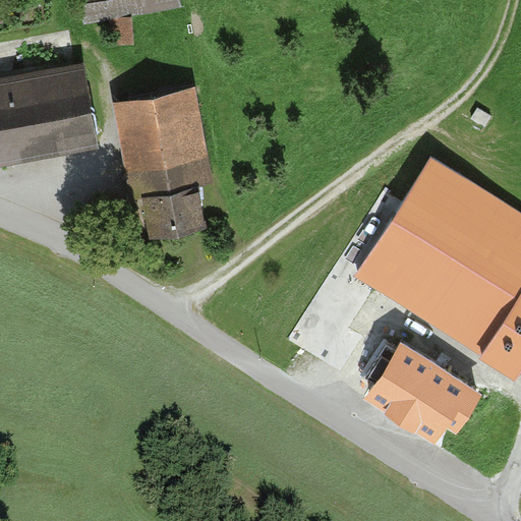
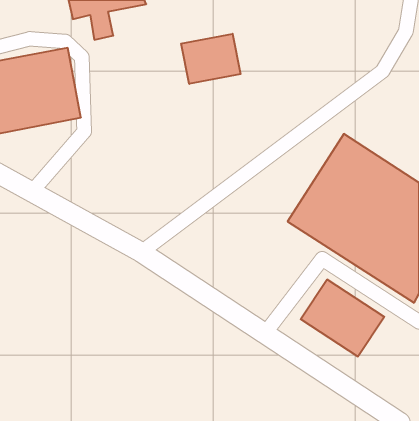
building: none -> [181,34,241,84]
building: [115,84,214,238] -> none

